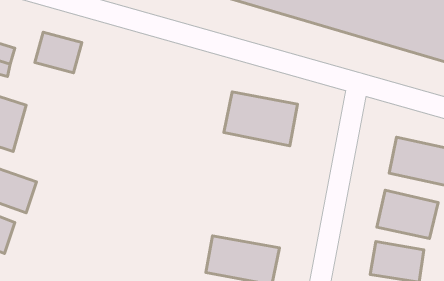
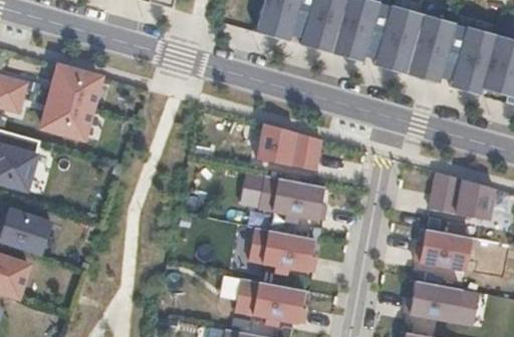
building: none -> [42,94,91,136]
building: none -> [250,178,328,230]
building: none -> [242,224,320,280]

